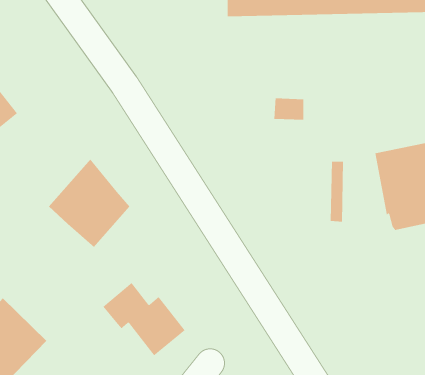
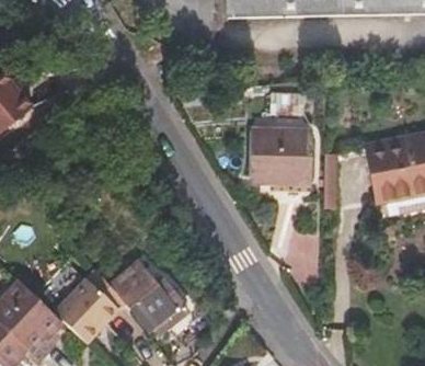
building: none -> [250,129,312,183]
building: [48,159,130,248] -> [47,258,124,341]

